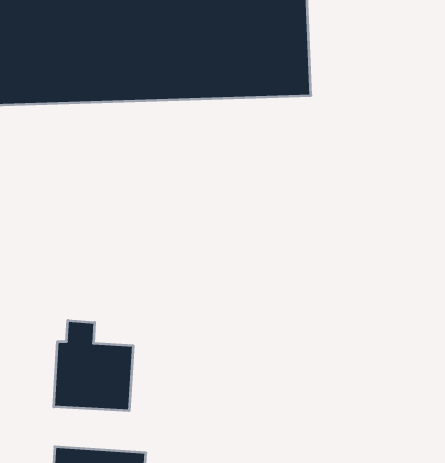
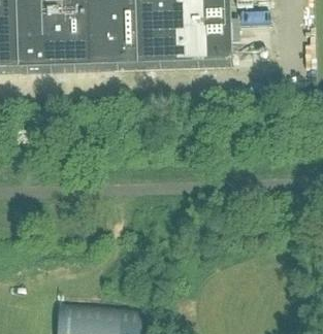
building: [54,320,133,411] -> none

